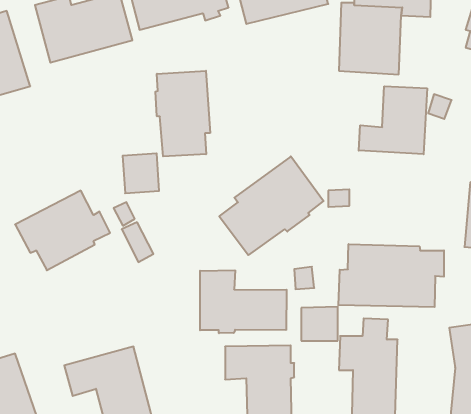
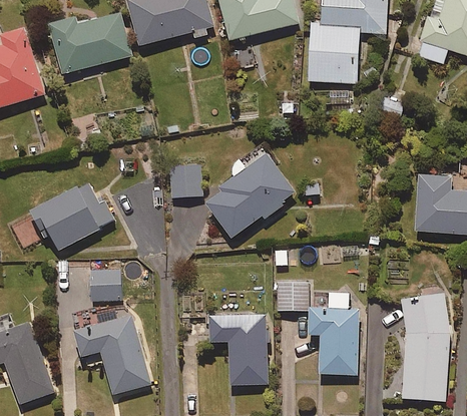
building: [155,71,210,156] -> none
building: [359,86,427,154] -> none
building: [123,153,159,193] -> [169,164,200,198]
building: [338,244,444,307] -> none
building: [200,270,287,333] -> none
building: none -> [87,269,119,301]

